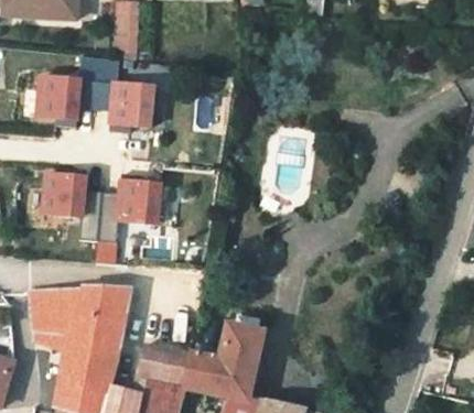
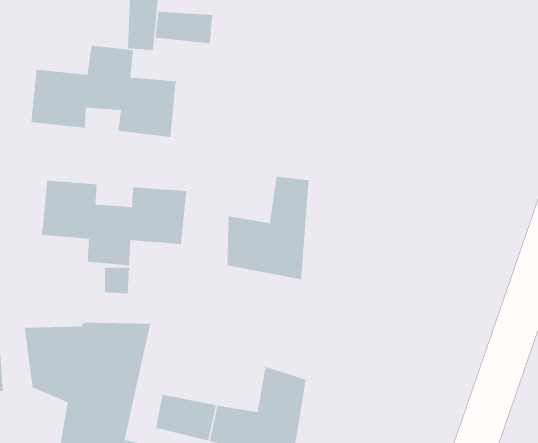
building: none -> [155,11,213,44]
building: none -> [227,176,309,280]

